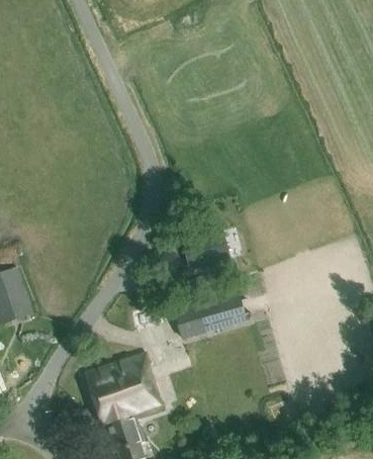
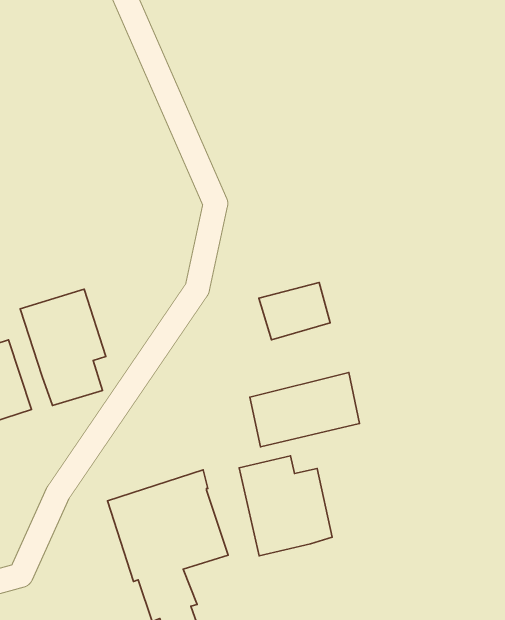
building: none -> [20,289,106,405]
building: none -> [239,456,332,556]

